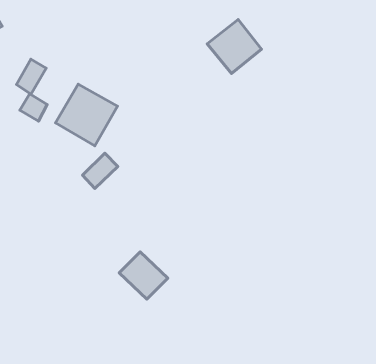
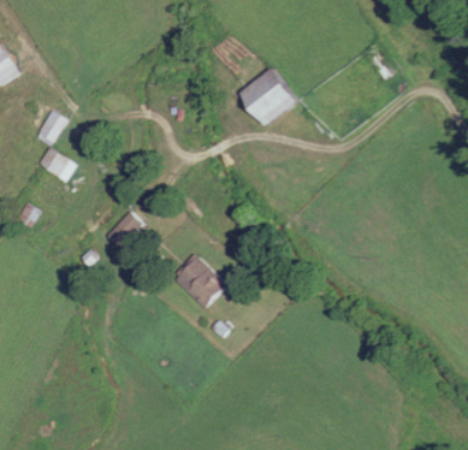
building: [56,84,117,146] -> none
building: [119,252,168,299] -> [173,256,226,308]

